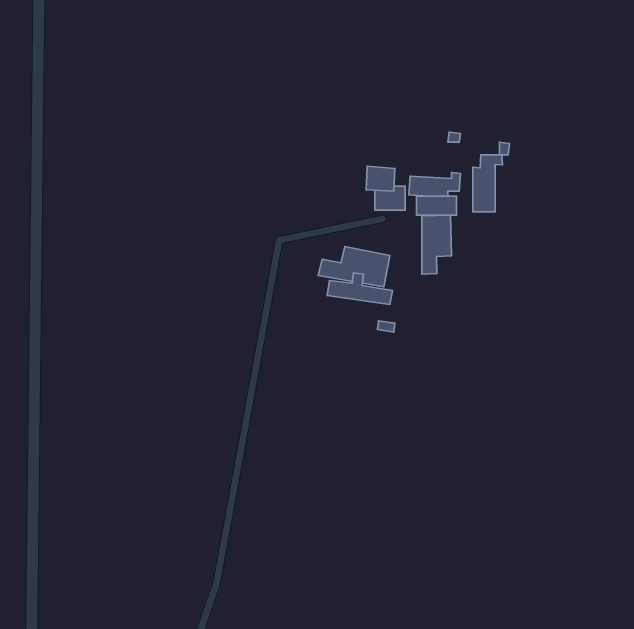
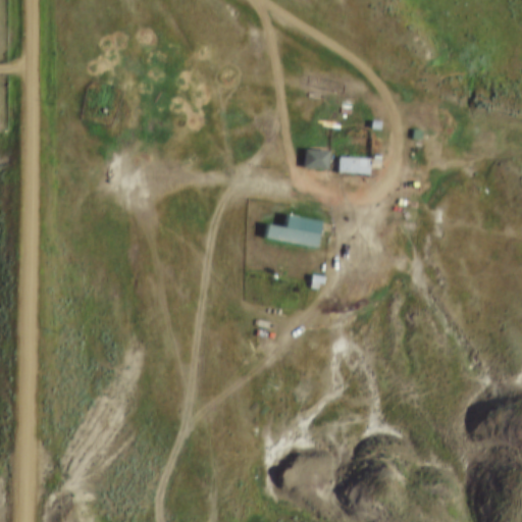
building: [473,155,503,212] -> none
building: [422,215,452,274] -> none

